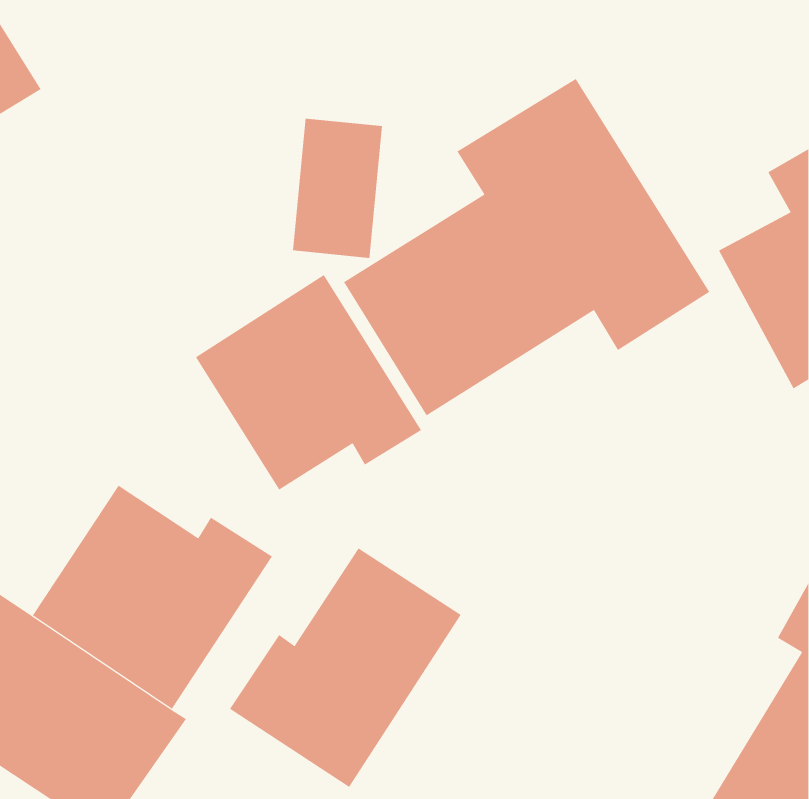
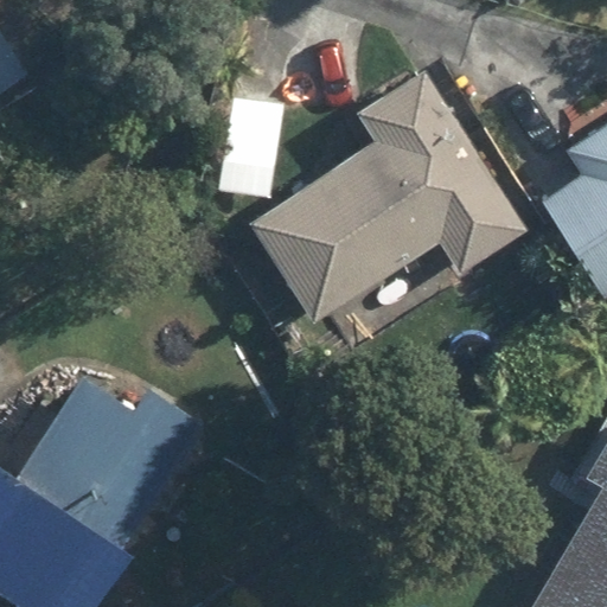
building: [195,274,422,490] -> none
building: [229,547,461,788] -> none

